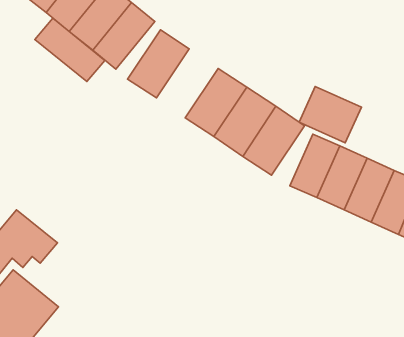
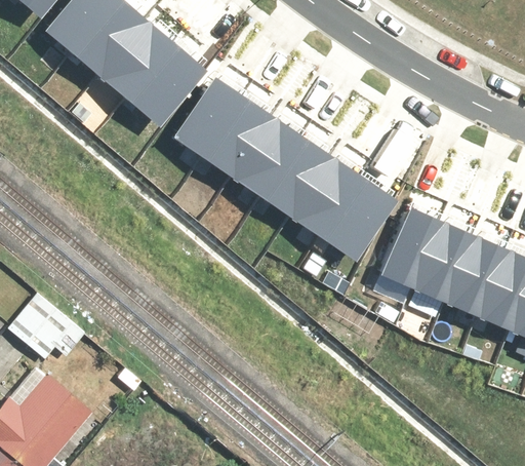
building: [35,18,105,82] -> none
building: none -> [209,100,286,186]
building: [299,87,361,143] -> none

